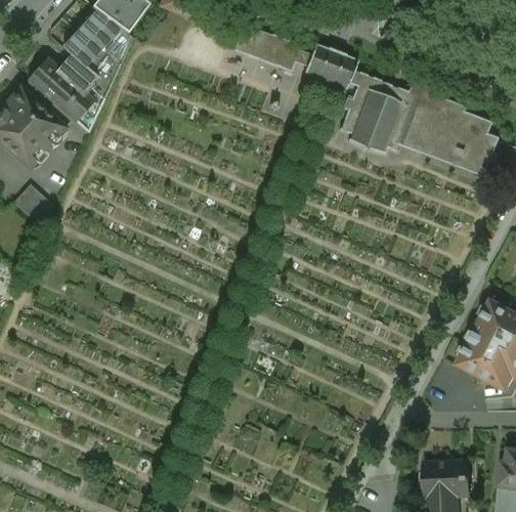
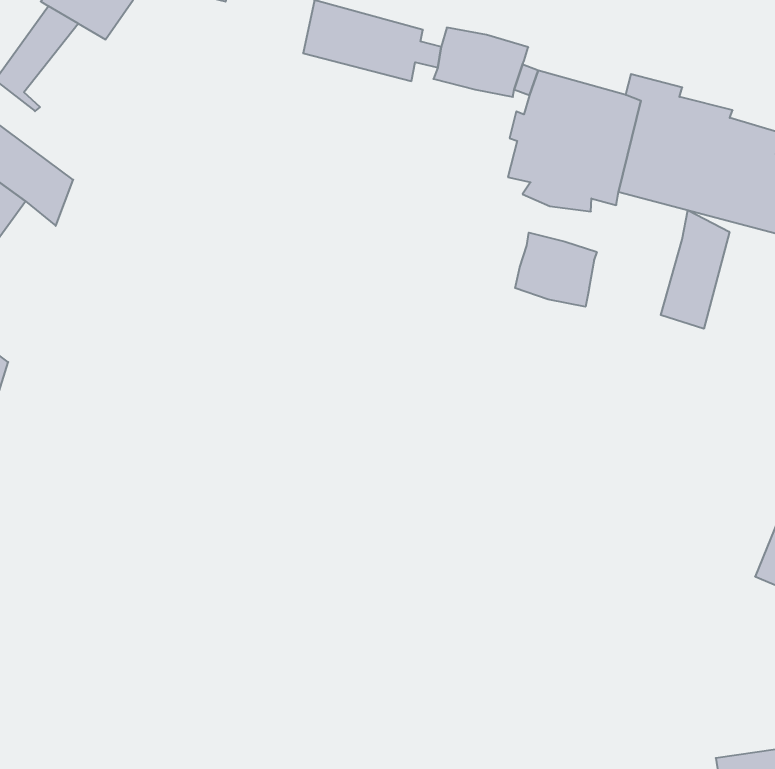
building: [78,22,132,99] -> none
building: none -> [661,210,729,329]
building: none -> [515,233,597,307]

